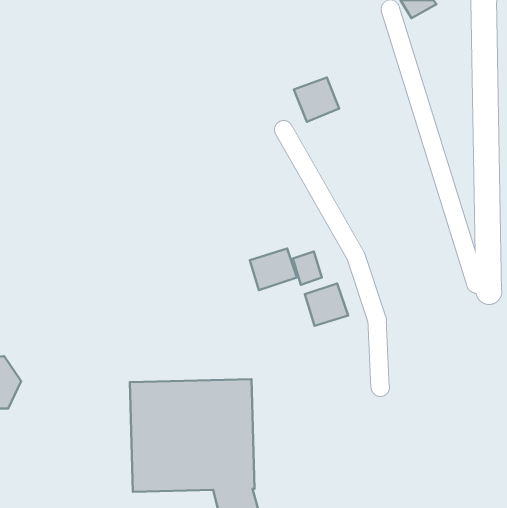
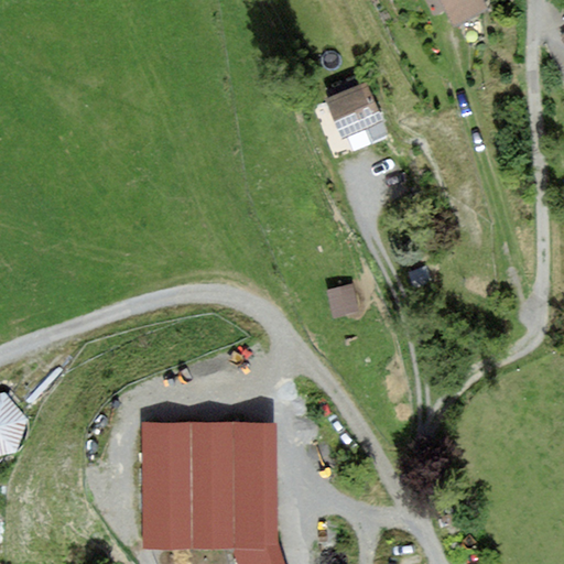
building: [250,249,297,290] -> none
building: [305,284,348,326] -> none

